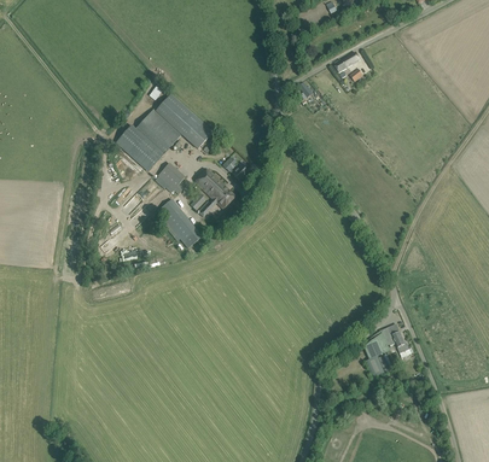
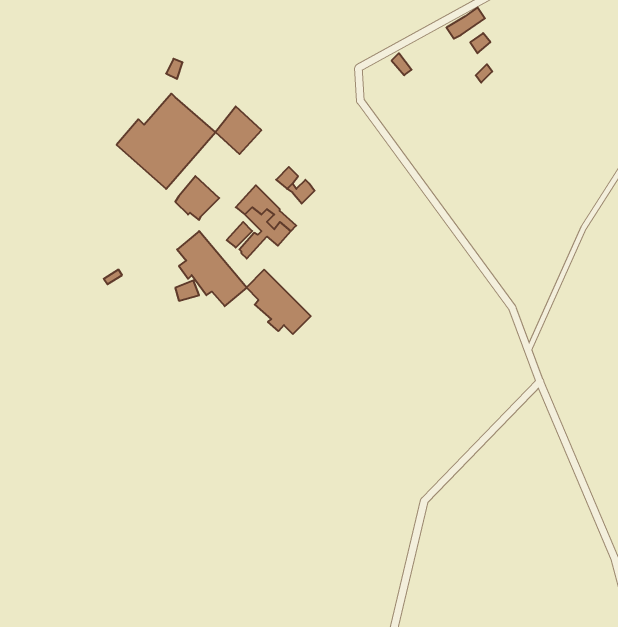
building: [156,94,196,133] -> none
building: none -> [246,270,311,334]
building: [365,324,409,376] -> none

